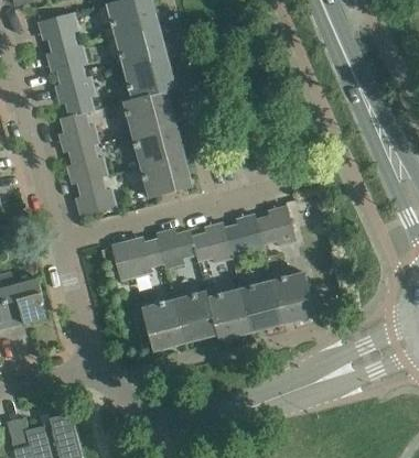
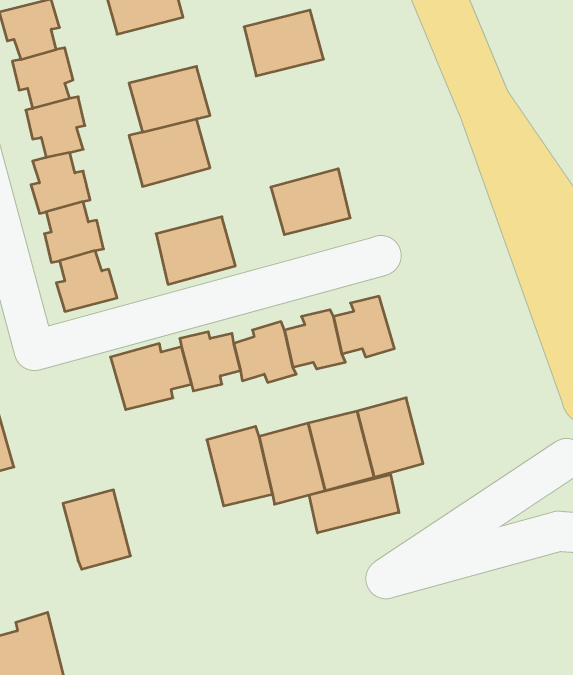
building: [115,24,166,67] -> [244,10,324,76]
building: [131,122,183,165] -> [271,169,350,235]
building: [140,299,184,351] -> [63,490,131,569]
building: none -> [309,475,399,533]

